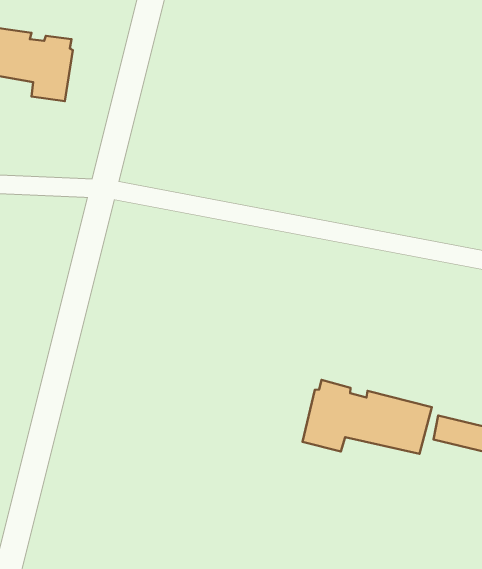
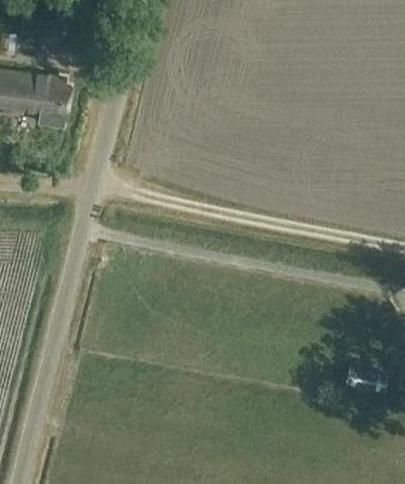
building: [302,380,432,454] -> none

